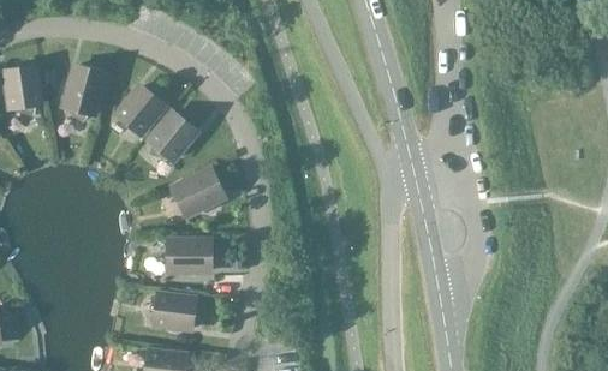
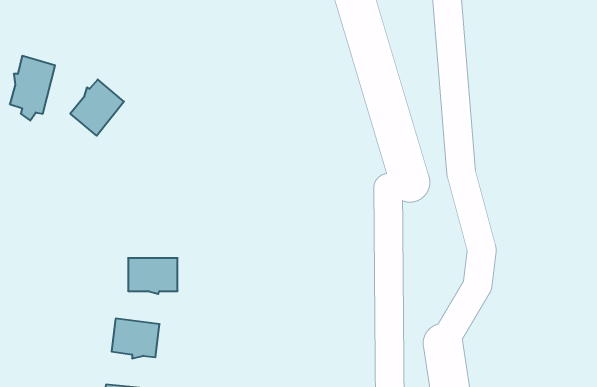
building: [148,112,195,160] -> none
building: [172,169,223,215] -> none

